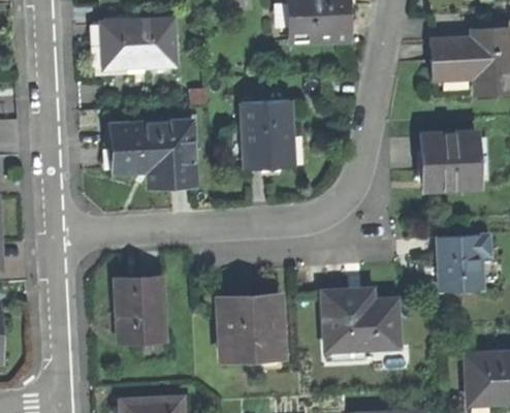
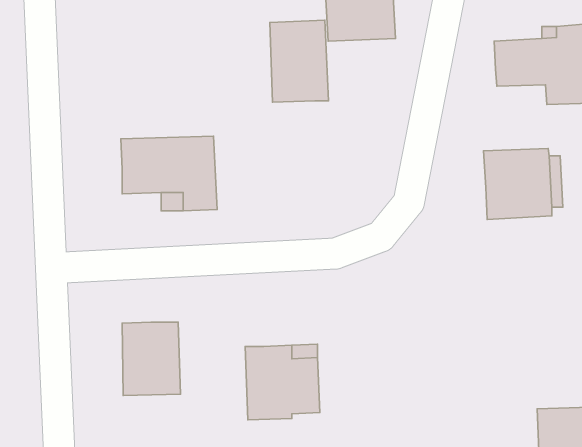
building: [100,21,173,72] -> none
building: [243,100,292,169] -> [270,20,329,102]
building: [438,234,487,290] -> none
building: [322,292,396,363] -> none

